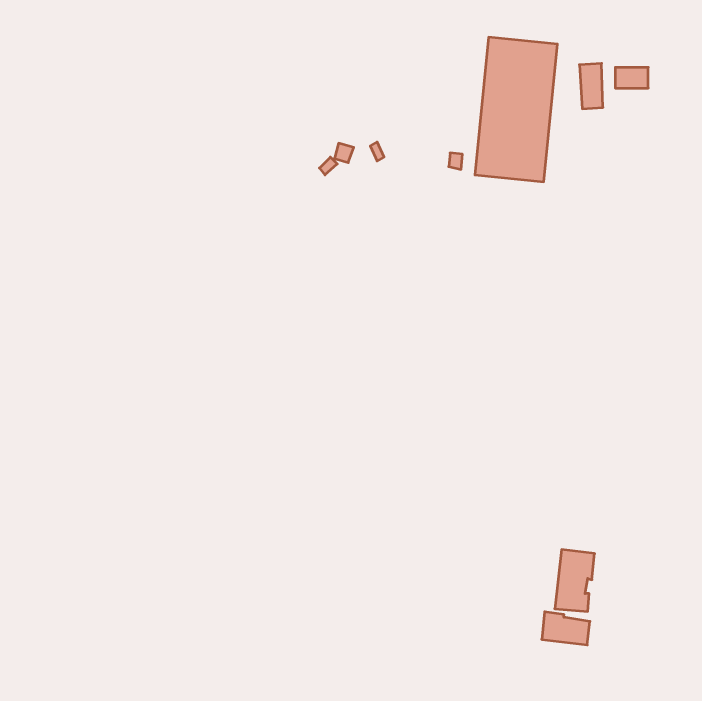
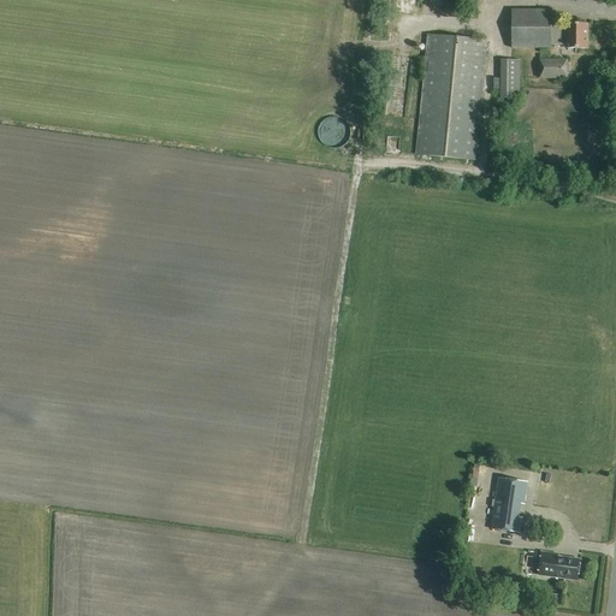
building: none -> [511,8,587,47]
building: [542,612,590,645] -> [538,550,580,579]

